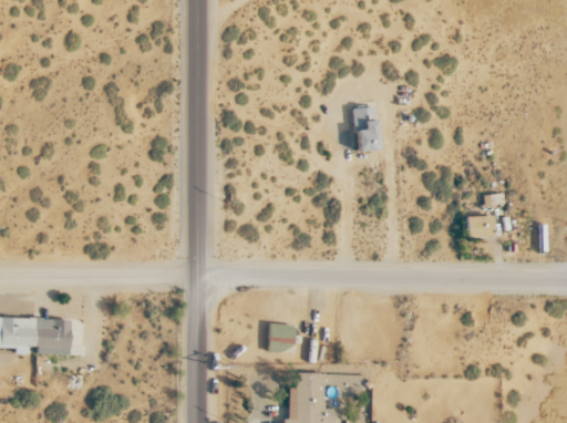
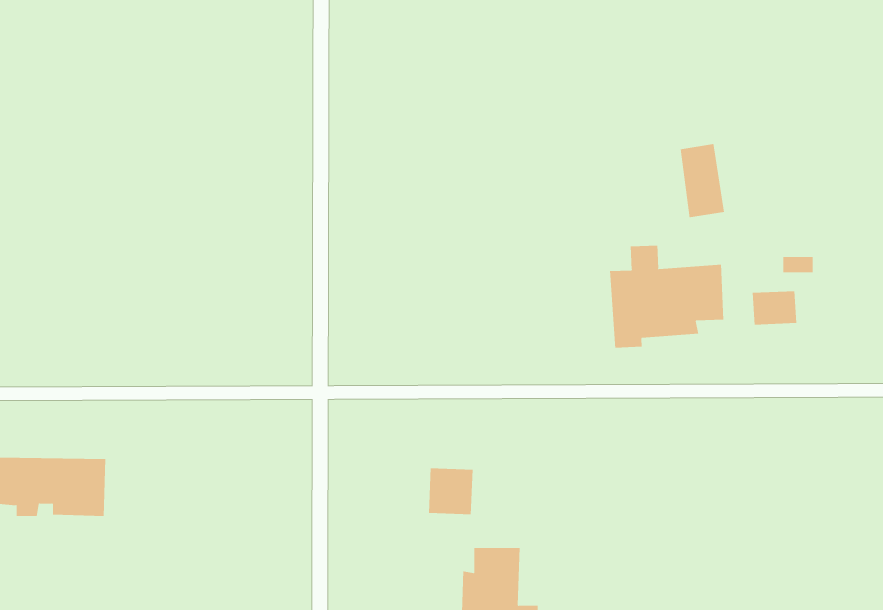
building: [352,106,380,152] -> [680,144,725,218]
building: none -> [610,245,724,348]

